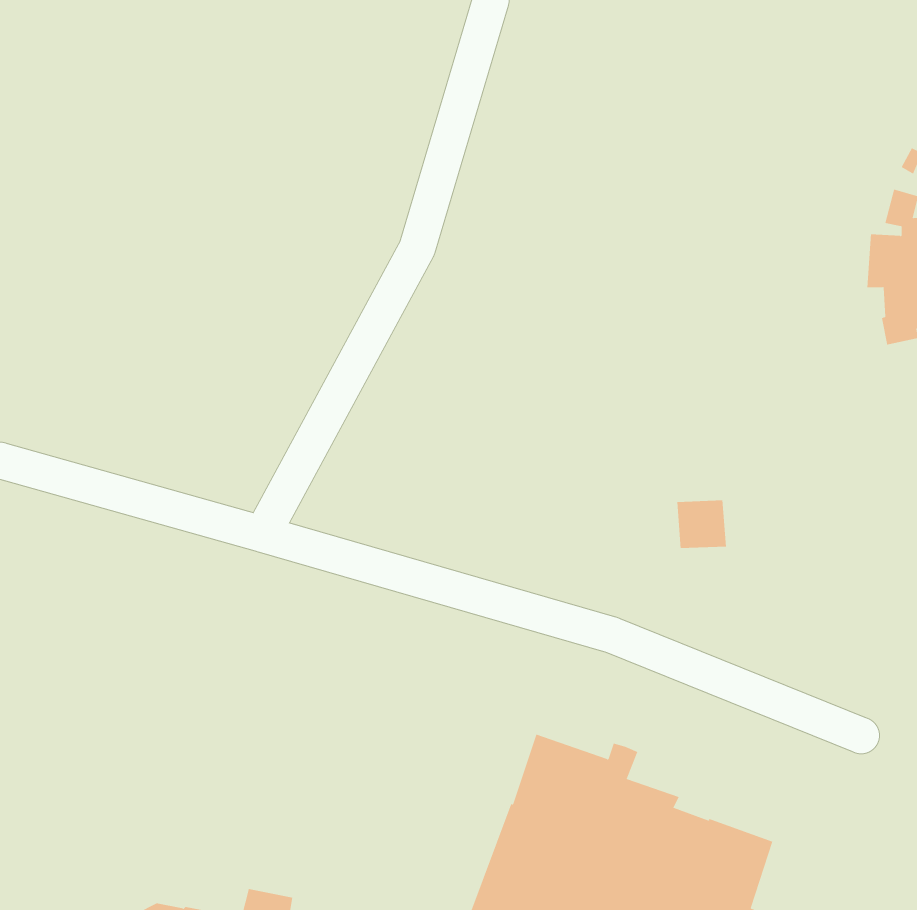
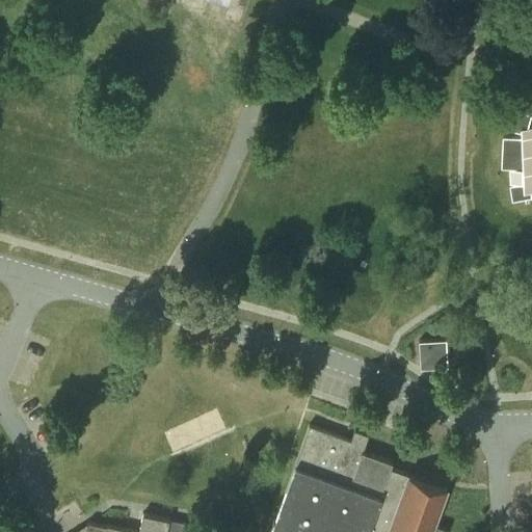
building: [676,500,727,548] -> [420,344,449,372]

